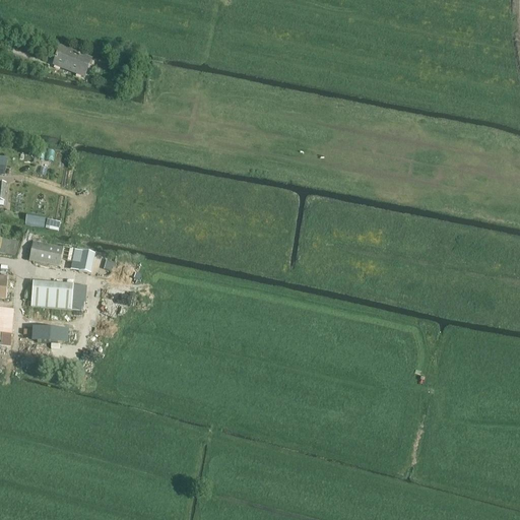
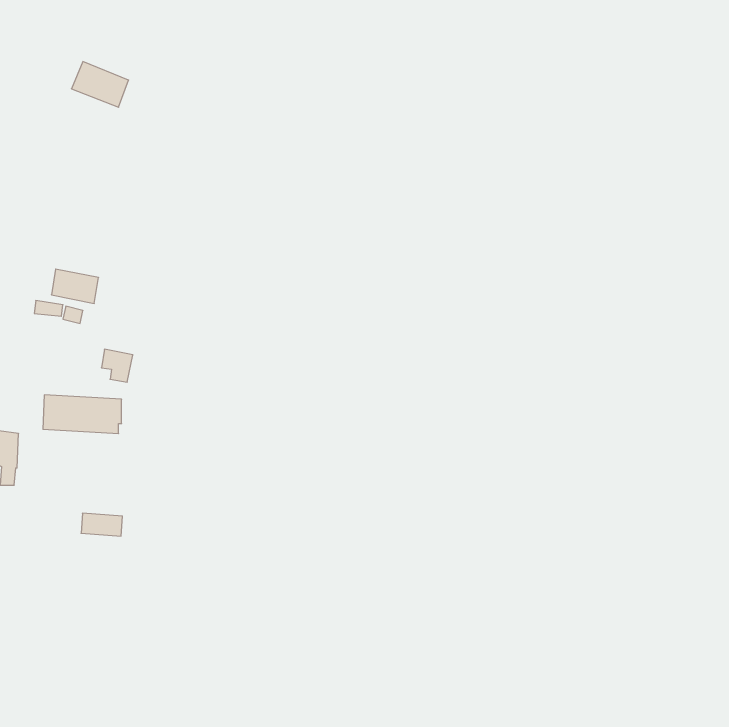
building: [28,239,62,263] -> [51,269,99,303]
building: [35,326,64,342] -> [81,513,122,536]

